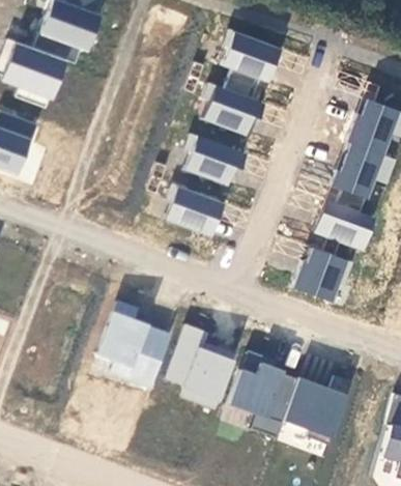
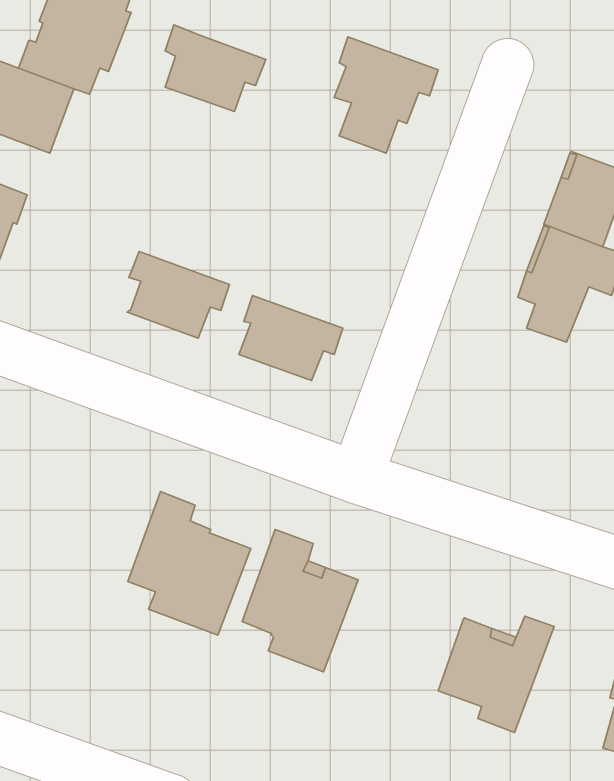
building: [204,83,264,135] -> [165,25,266,112]
building: [184,134,246,185] -> [127,252,229,338]
building: [314,200,374,250] -> none
building: [293,248,353,302] -> none
building: [229,350,298,438] -> none

